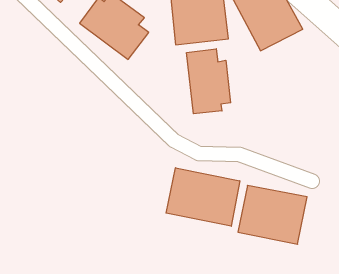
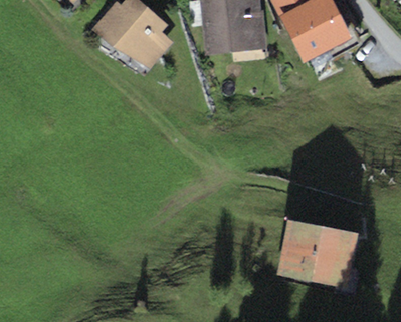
building: [187,49,231,114] -> none
building: [166,168,240,226] -> none

